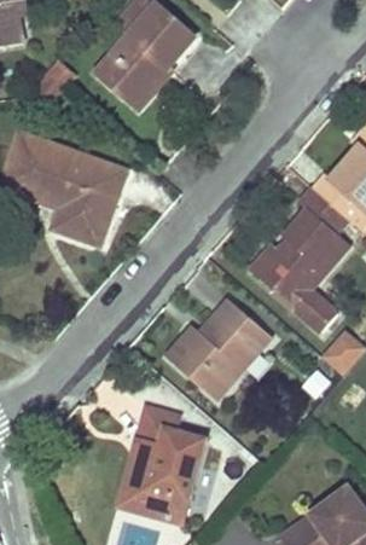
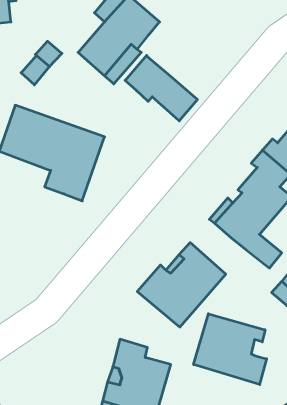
building: none -> [125,55,197,121]
building: none -> [194,314,267,385]

